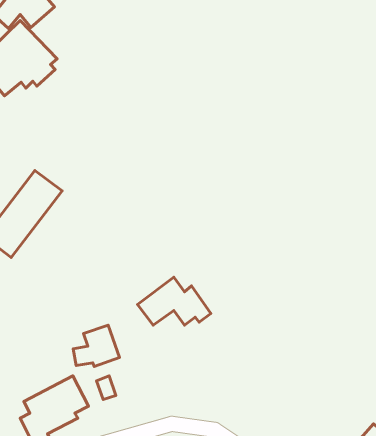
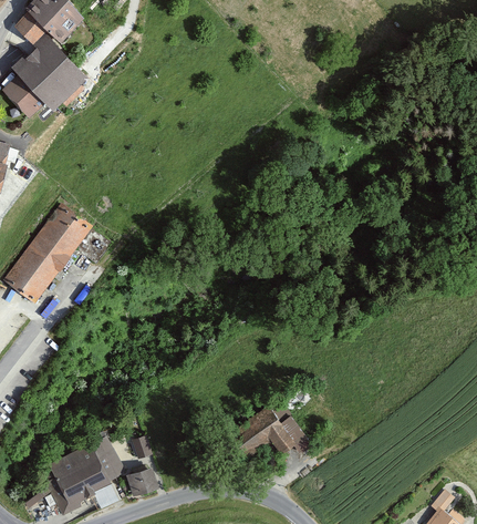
building: [138,277,211,325] -> [228,404,311,459]
building: [73,325,119,367] -> none
building: none -> [126,470,156,497]

